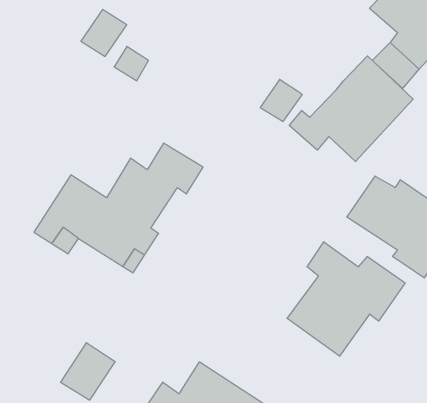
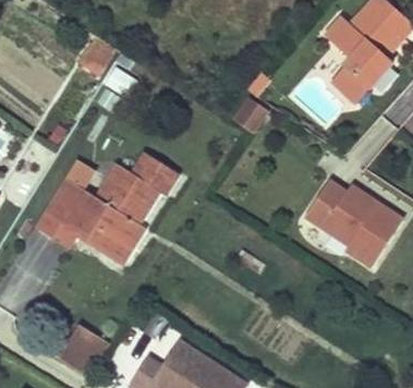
building: [289,56,413,162] -> none
building: [287,242,405,356] -> none

